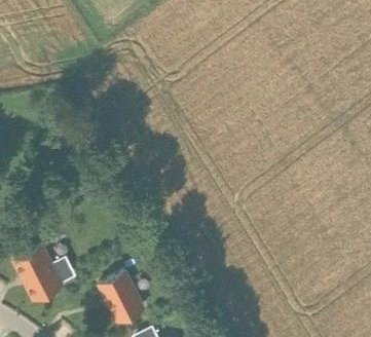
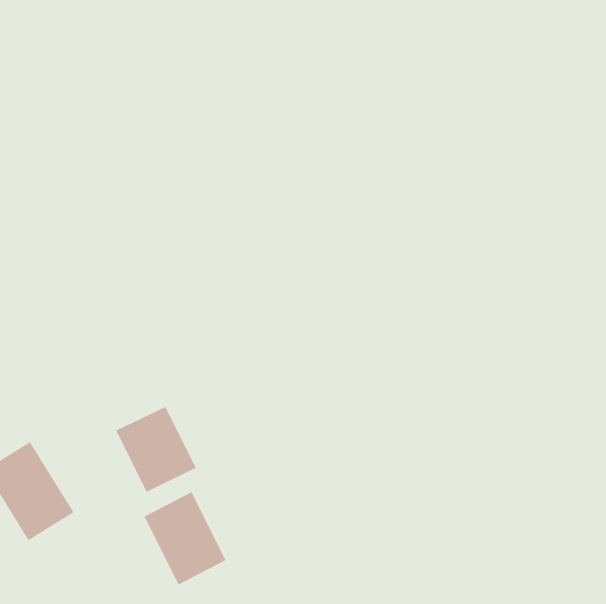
building: none -> [115,406,197,493]

